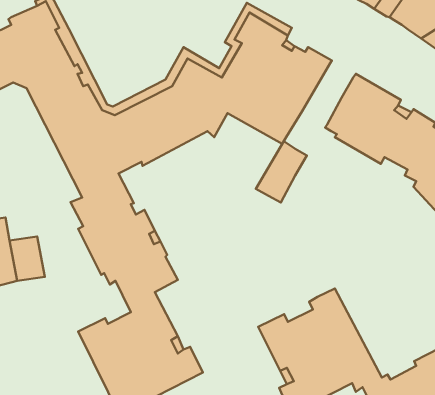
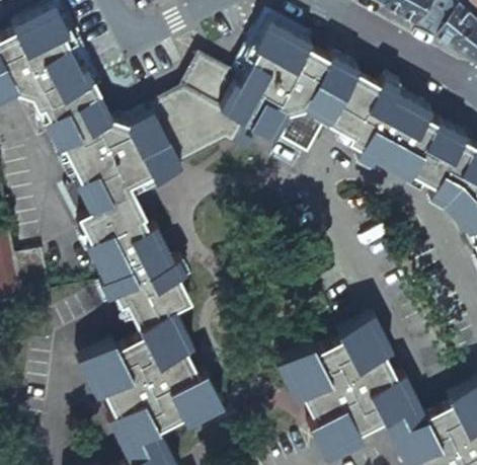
building: [256,141,307,202] -> [324,74,378,139]

